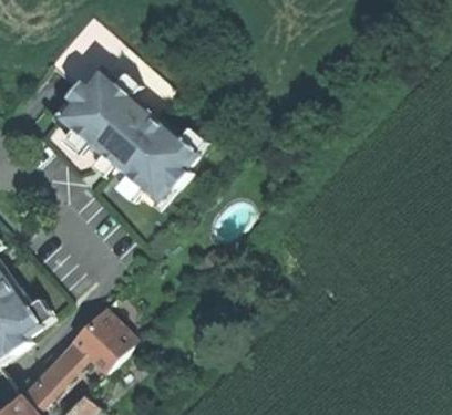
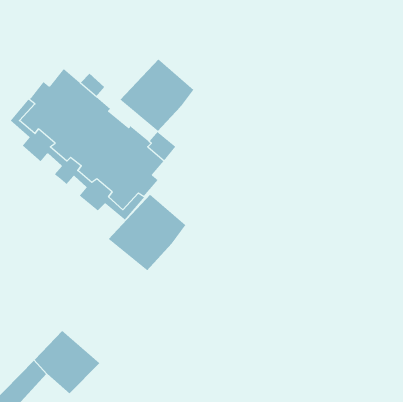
building: none -> [119,58,194,132]
building: none -> [108,194,186,271]

